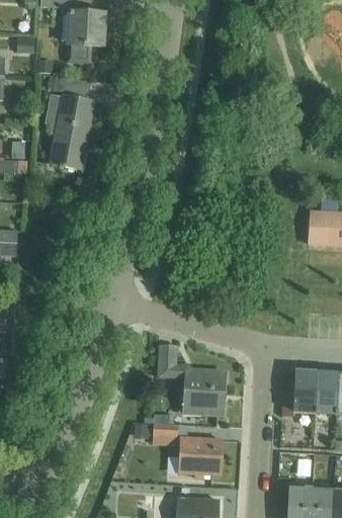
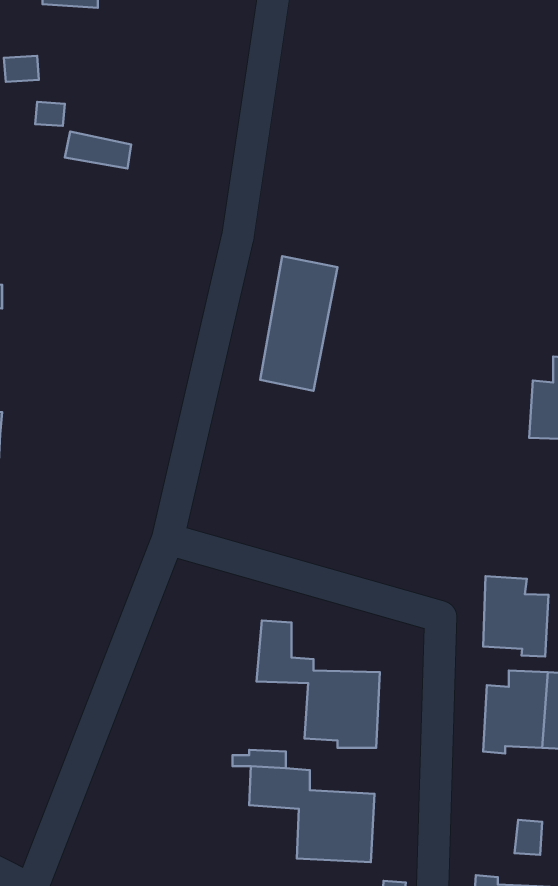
building: [67,11,103,63] -> none
building: [50,95,92,169] -> [260,256,338,391]
building: none -> [483,576,548,656]

